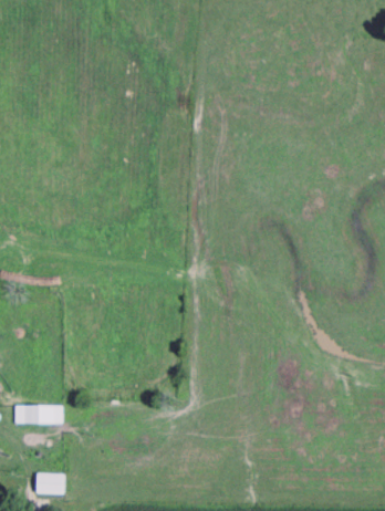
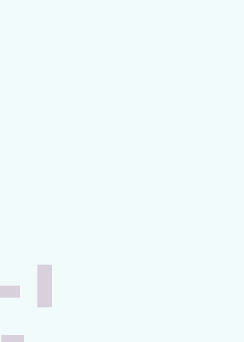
building: none -> [37,264,53,308]

